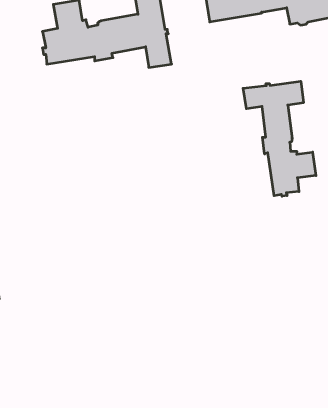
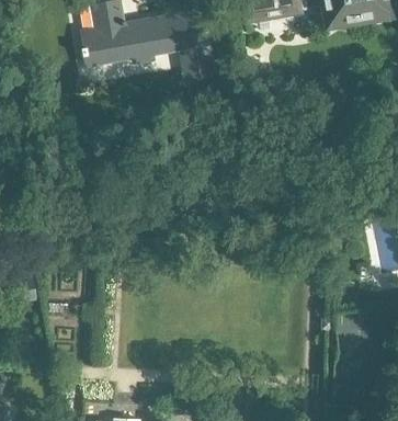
building: [243,81,316,196] -> none

